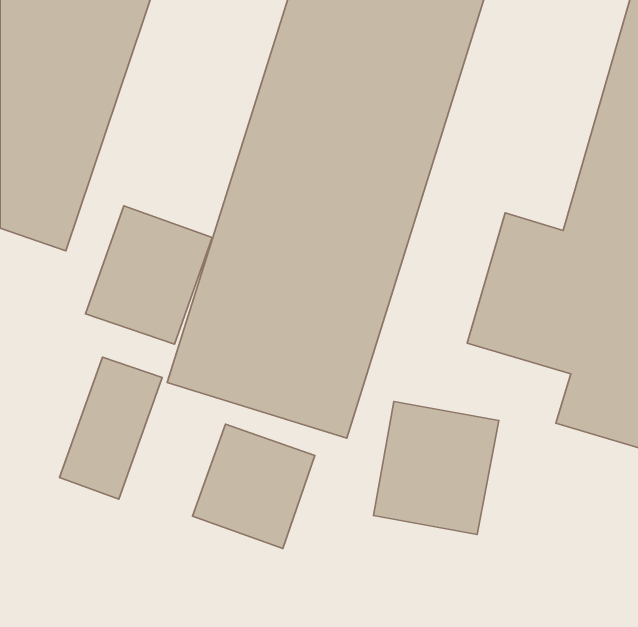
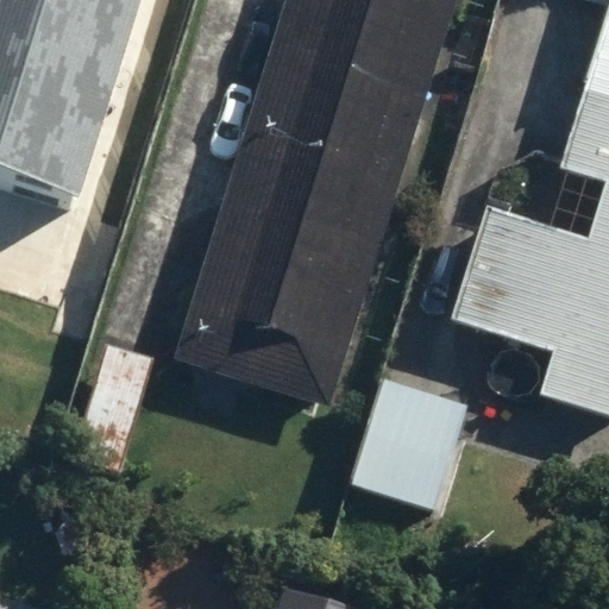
building: [86,206,212,344] -> none
building: [192,424,315,548] -> none

